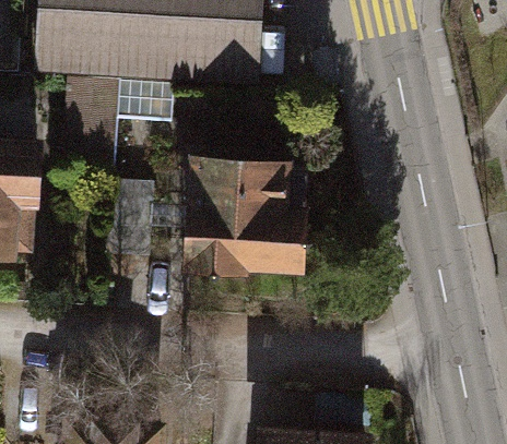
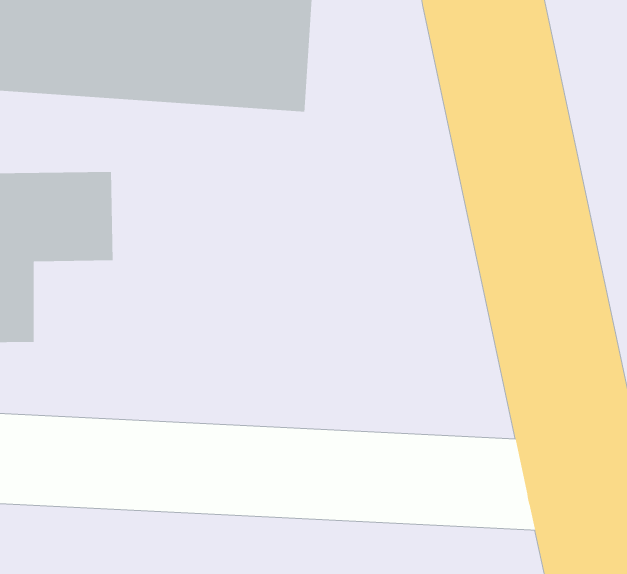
building: [219,139,344,263] -> none

